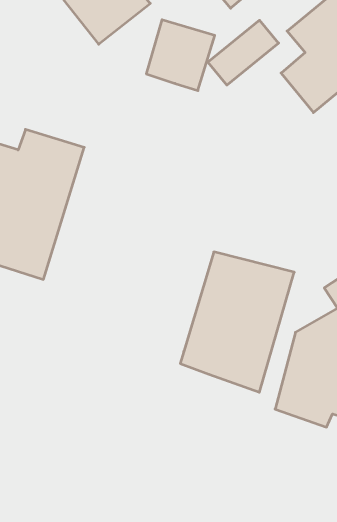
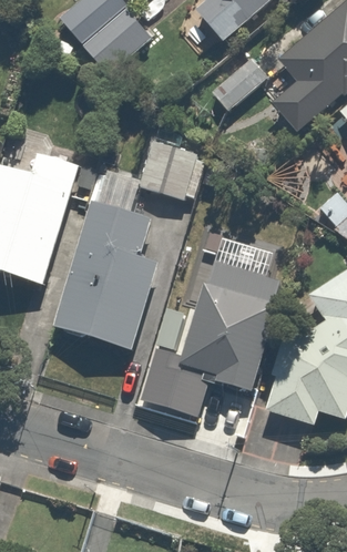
building: [146,20,215,91] -> [141,137,204,203]
building: none -> [55,203,160,350]
building: none -> [133,348,203,416]

